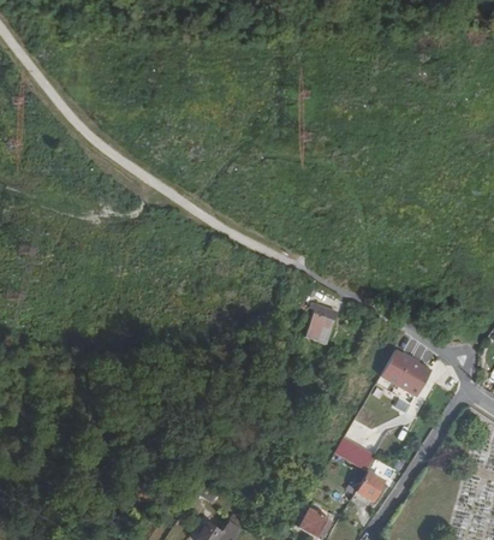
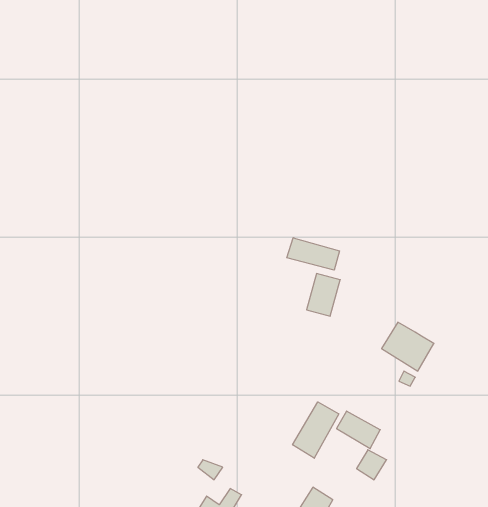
building: none -> [287,238,339,270]
building: none -> [293,402,339,458]

